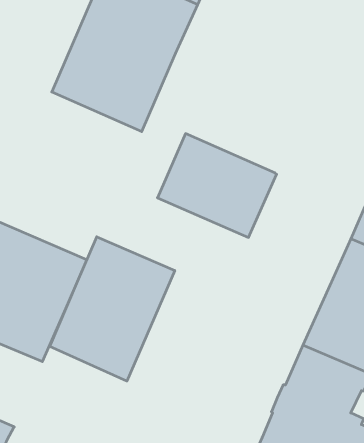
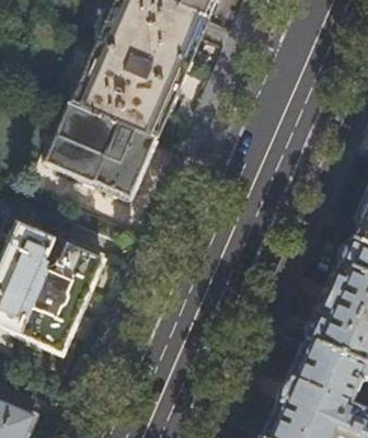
building: [157,134,277,237] -> [44,103,156,200]
building: [50,237,175,381] -> none

